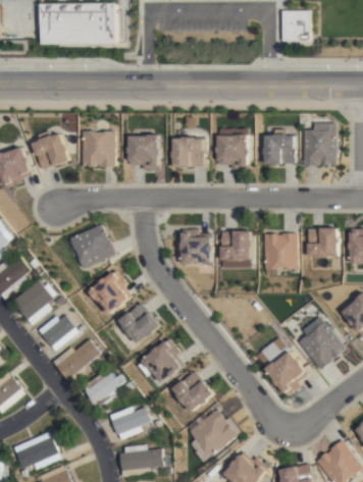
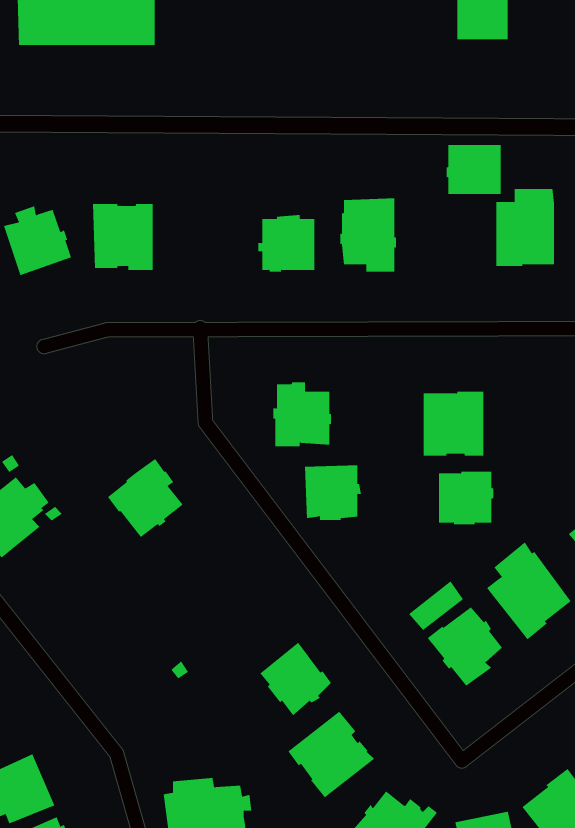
building: [127,135,160,169] -> none
building: [263,136,294,163] -> [446,144,502,195]
building: [68,224,114,268] -> none
building: [307,228,338,258] -> [438,471,494,525]
building: [220,230,252,261] -> [304,465,362,521]
building: [119,303,159,343] -> none
building: [38,315,80,352] -> none
building: [52,339,101,385] -> none
building: [141,339,184,383] -> none
building: [82,372,121,412] -> none
building: [109,408,152,440] -> none

